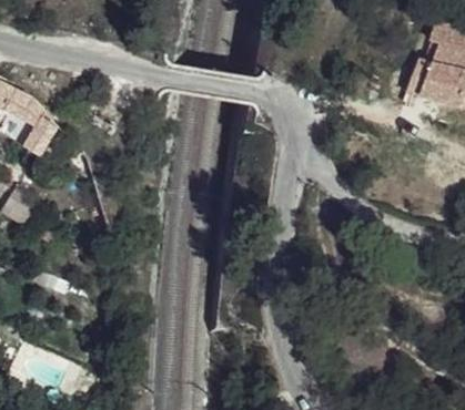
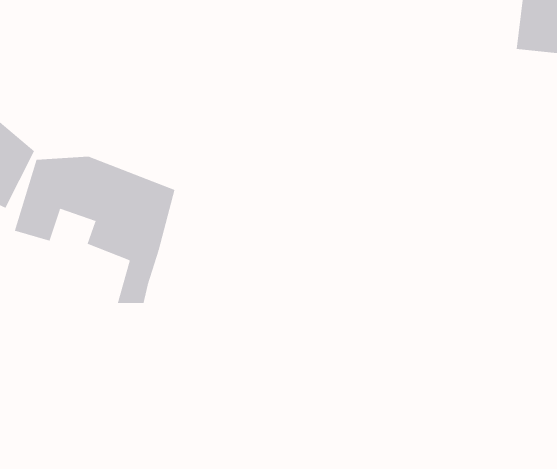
building: none -> [14,156,175,304]

